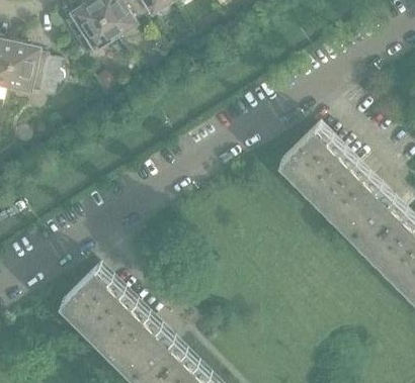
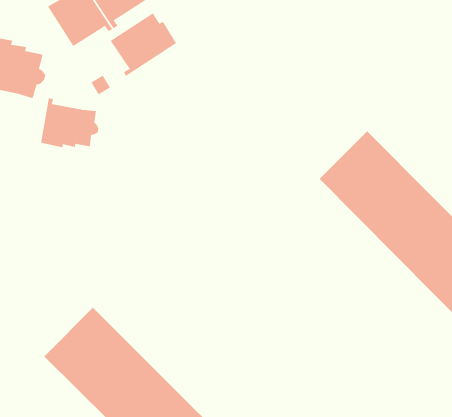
building: none -> [110,12,177,77]
building: none -> [41,97,99,148]

